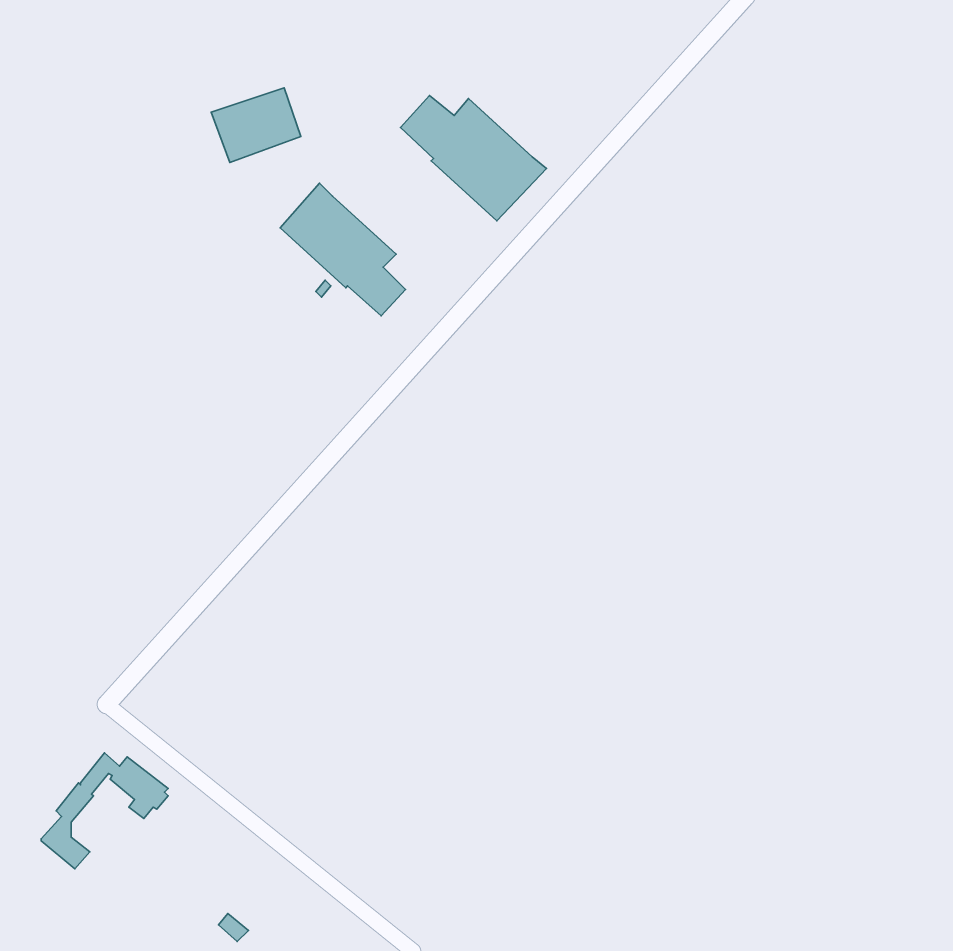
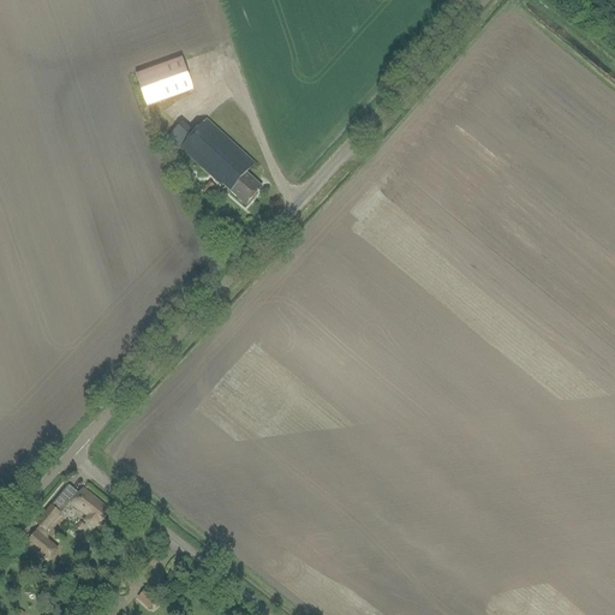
building: [401,95,546,221] -> none

